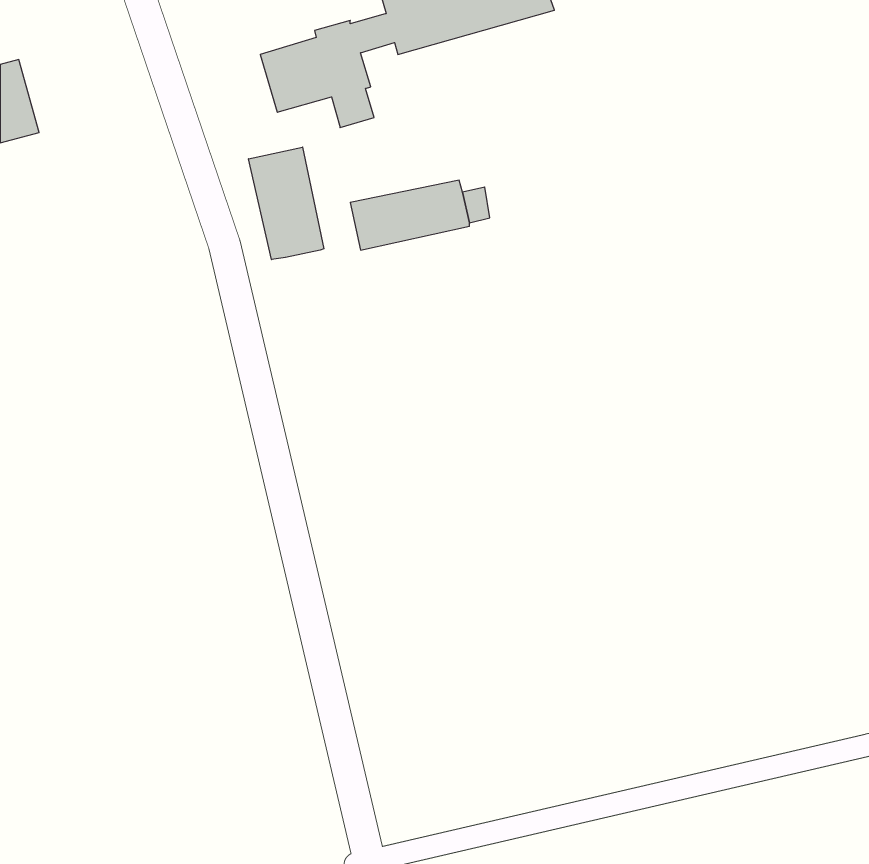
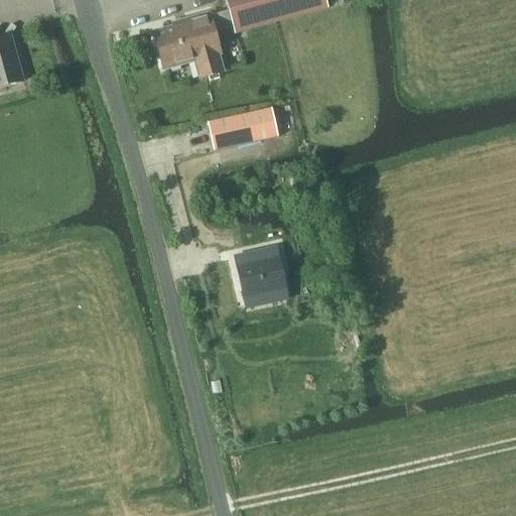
building: [249,147,324,260] -> none
building: none -> [237,247,284,296]

